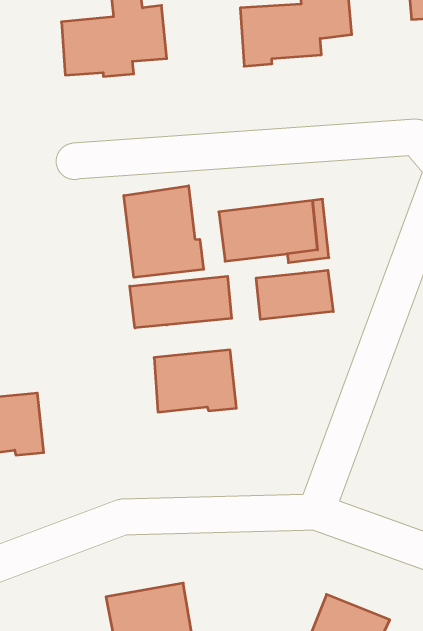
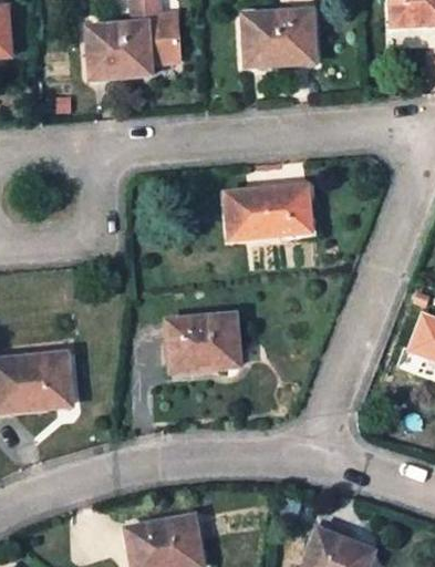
building: [124,186,204,277] -> none
building: [256,270,333,319] -> none
building: [130,276,232,328] -> none

